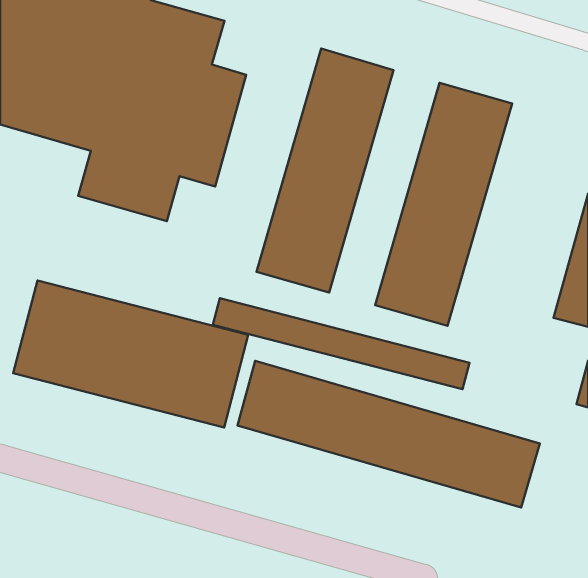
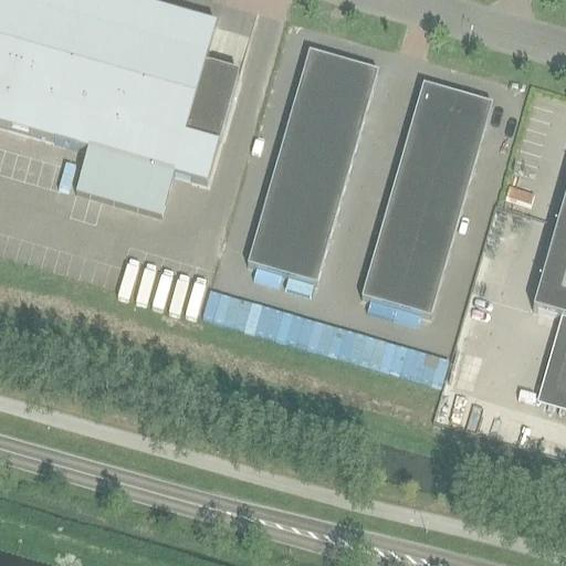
building: [13,280,248,428] -> none
building: [238,361,540,507] -> none

